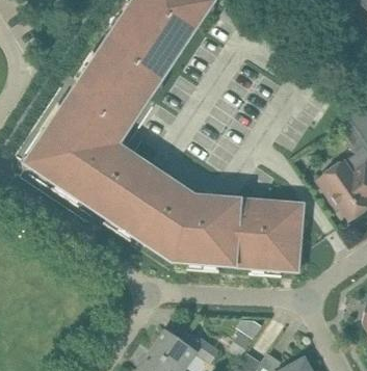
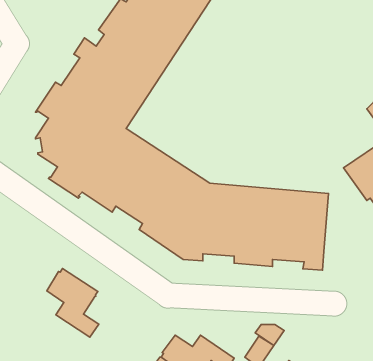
building: none -> [47,269,99,337]

